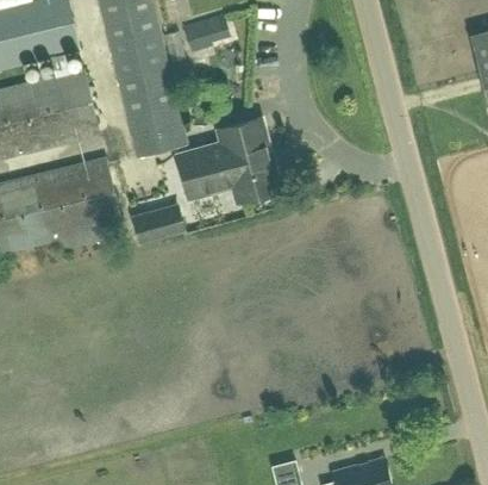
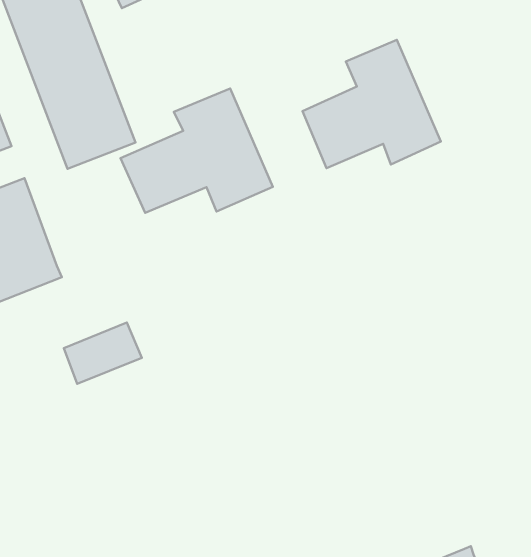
building: none -> [302,40,441,168]
building: [131,204,184,242] -> [64,322,142,384]

